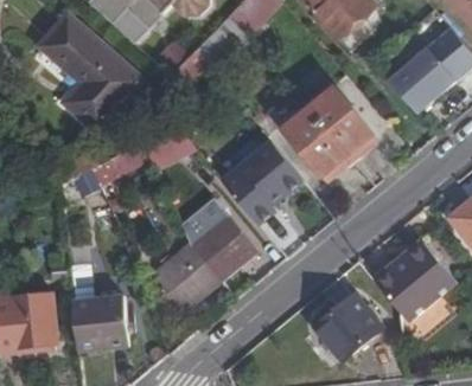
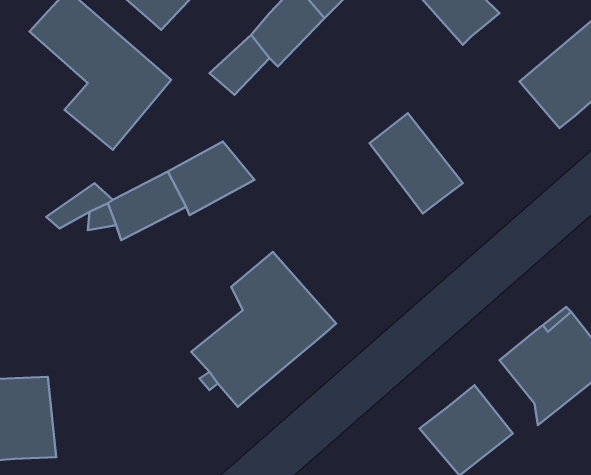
building: [308,83,371,152] -> none
building: [223,139,301,221] -> none
building: [70,275,128,350] -> none

